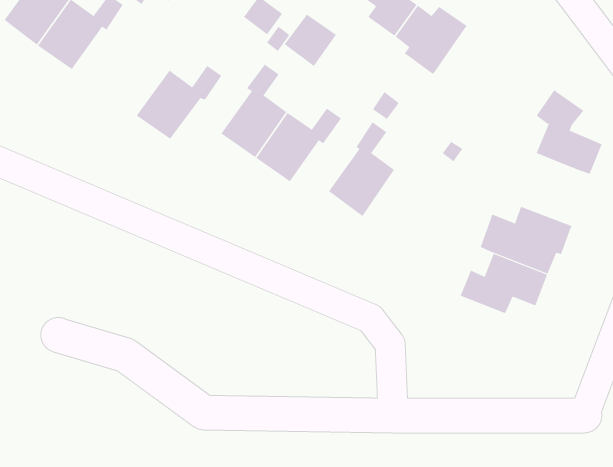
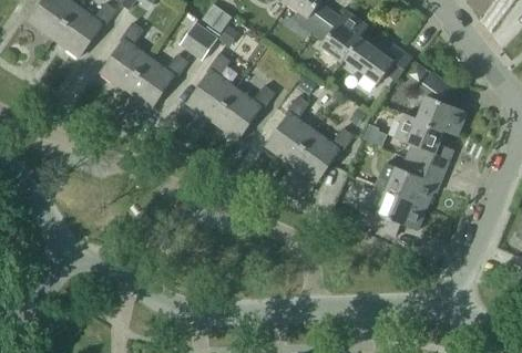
building: [284,14,337,67] -> [180,20,218,59]
building: none -> [101,21,150,90]
building: none -> [345,35,412,82]
building: none -> [396,112,453,170]
building: none -> [291,126,354,181]

